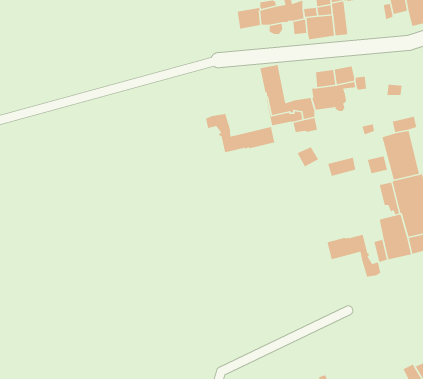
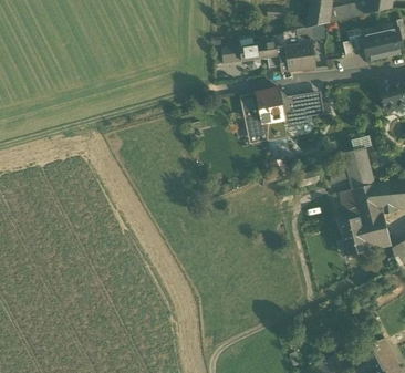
building: none -> [256,87,284,122]
building: [205,113,275,153] -> none
building: [326,234,381,277] -> none

